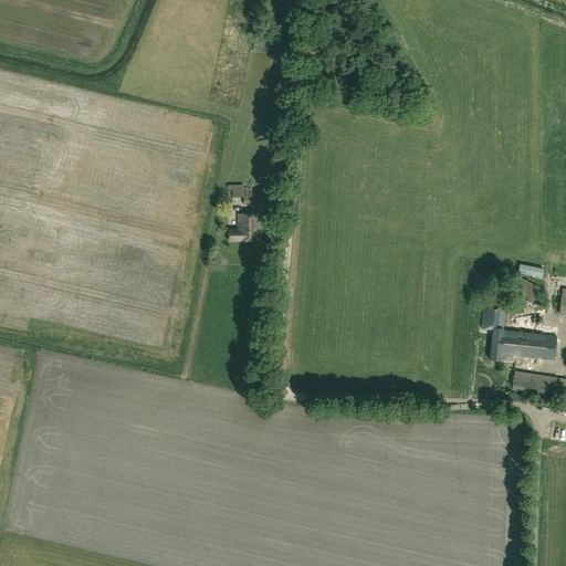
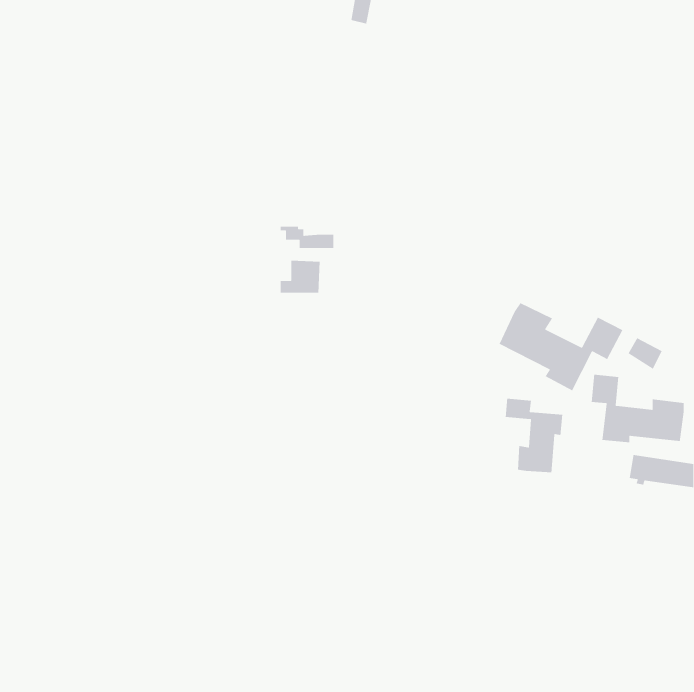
building: none -> [498,302,623,392]
building: none -> [505,398,563,473]

